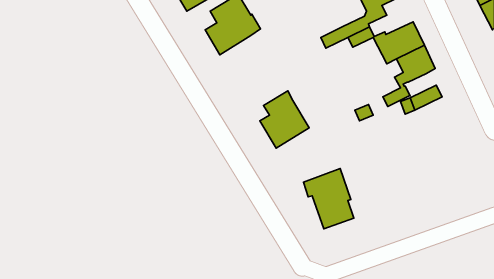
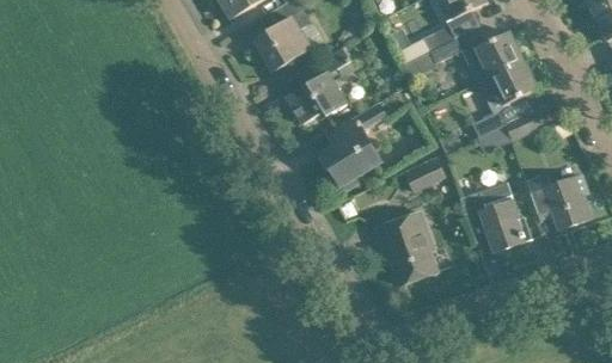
building: none -> [287,47,354,124]
building: none -> [405,158,446,191]
building: none -> [527,174,593,229]
building: none -> [464,182,525,252]

